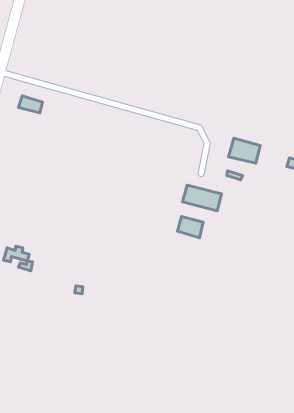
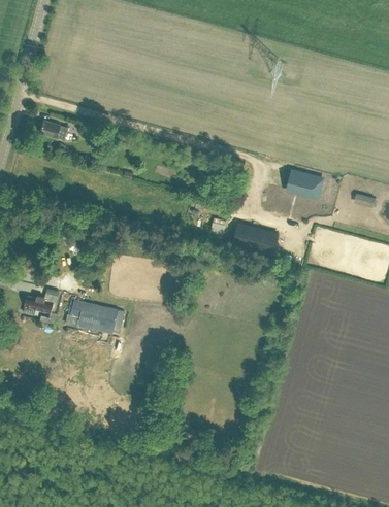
building: [177,217,203,238] -> none
building: none -> [71,299,124,332]

